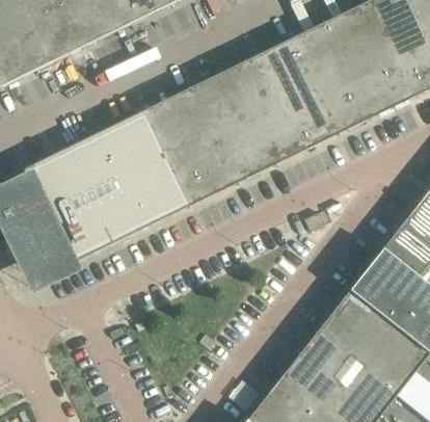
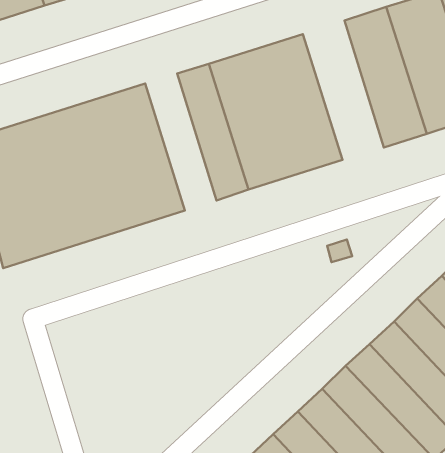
building: [260,39,337,150] -> none
building: [141,101,211,208] -> none

